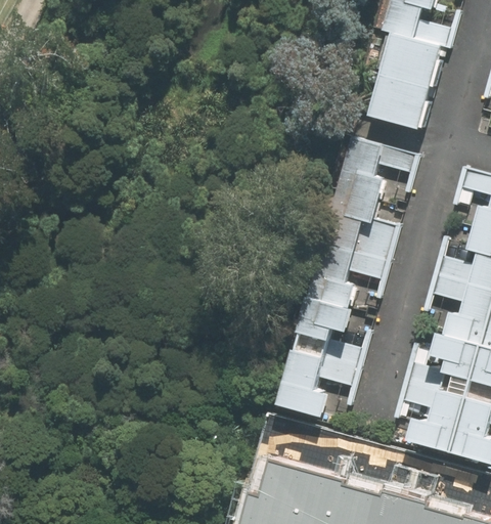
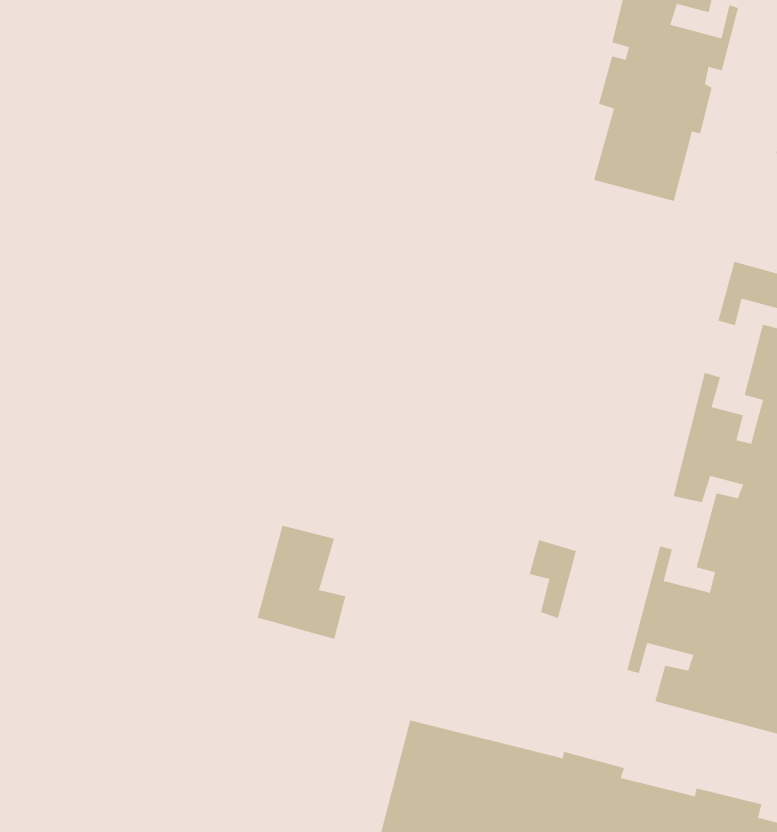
building: [300,134,422,340] -> none
building: [279,349,334,420] -> [257,525,346,639]

